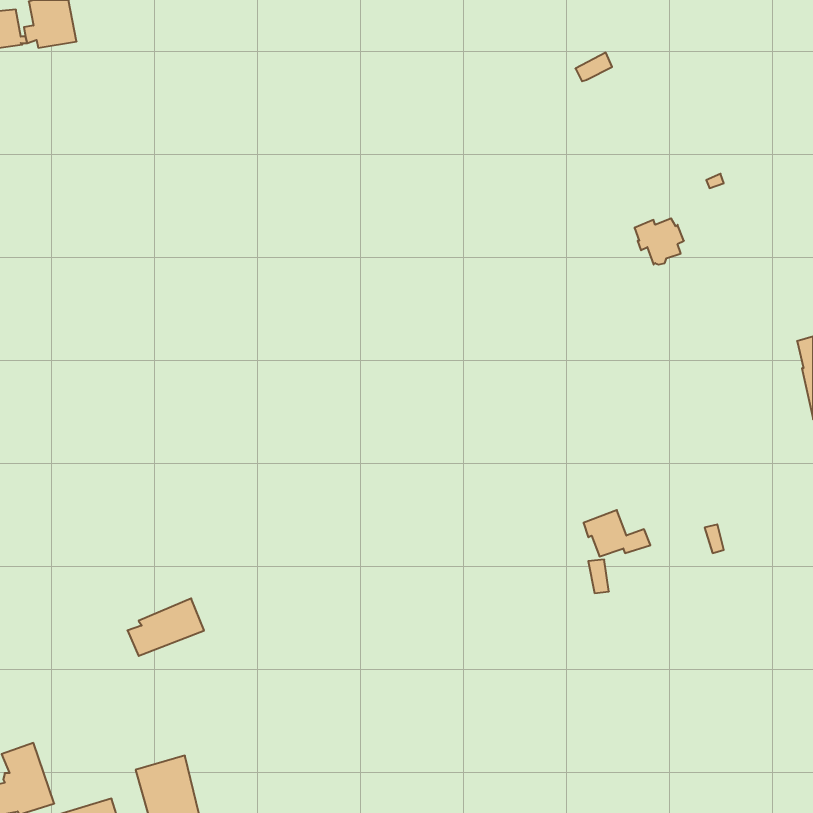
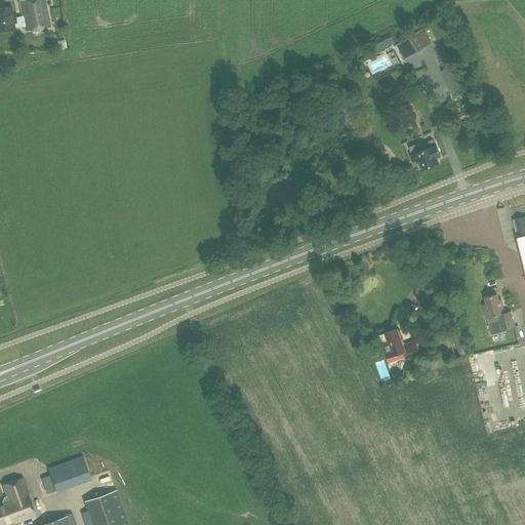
building: none -> [397,31,430,59]
building: none -> [484,295,514,335]
building: [127,598,204,656] -> [42,455,91,492]

